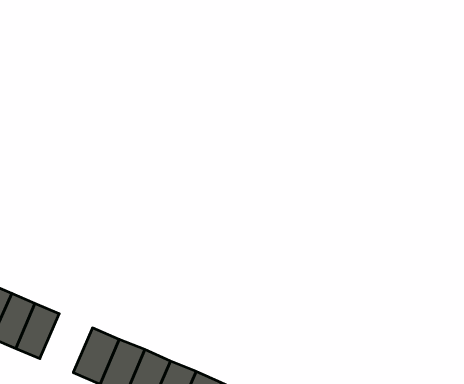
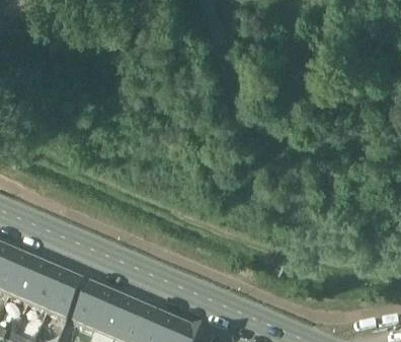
building: none -> [50,269,84,313]

